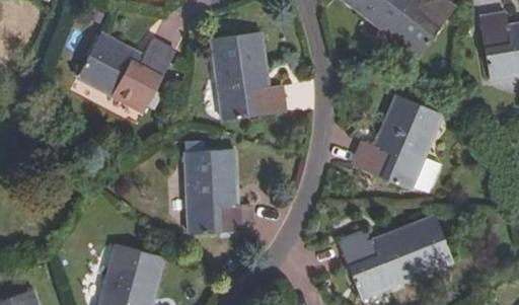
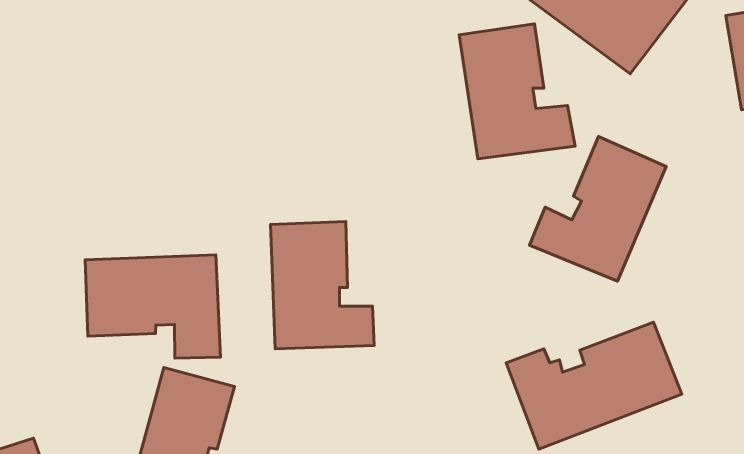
building: [211,32,286,120] -> [459,24,575,159]
building: [78,34,175,111] -> none
building: none -> [85,255,221,358]

